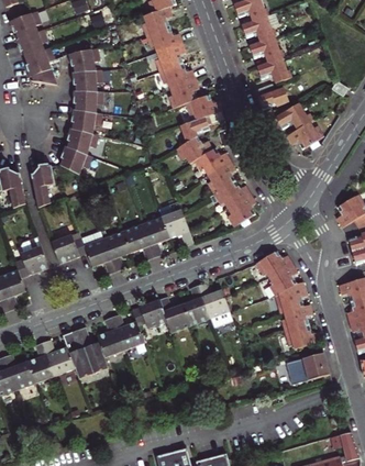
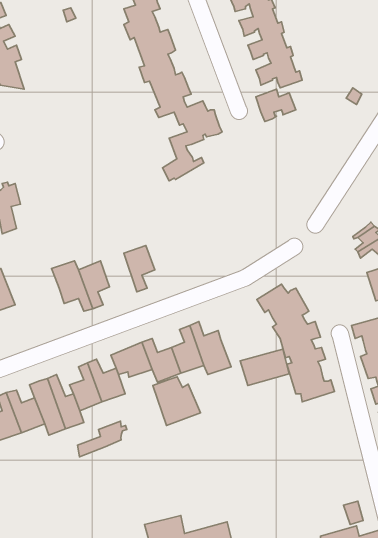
building: [60,48,100,171] -> none
building: [274,101,324,151] -> none
building: [186,146,256,228] -> none
building: [161,209,193,245] -> none
building: [122,223,153,259] -> none
building: [52,234,87,263] -> none
building: none -> [153,377,201,426]
building: [286,353,328,384] -> [240,349,289,385]
building: none -> [77,421,127,457]

